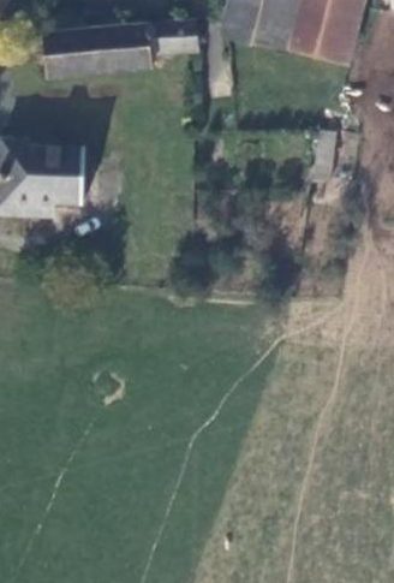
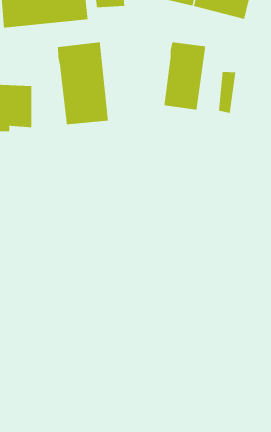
building: none -> [164,41,206,111]
building: none -> [58,41,108,125]

